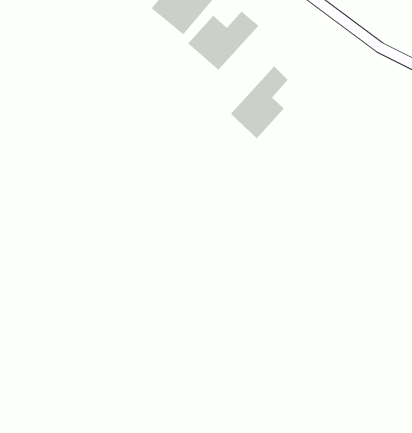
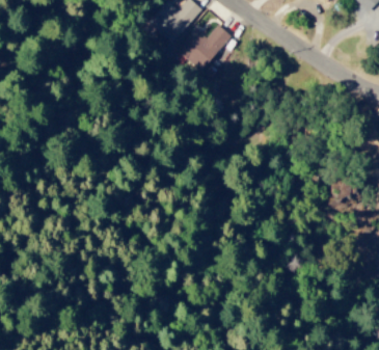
building: [230,65,289,139] -> none

